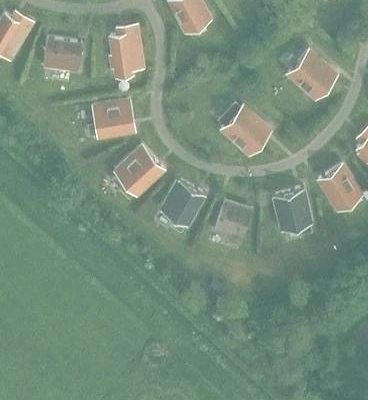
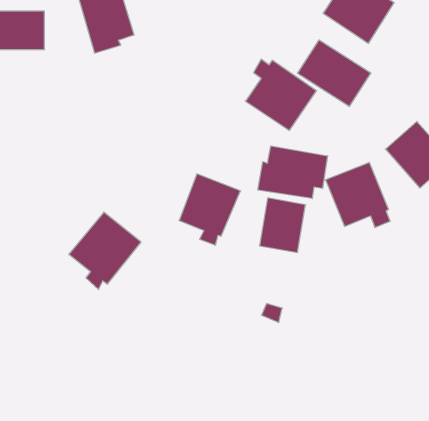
building: none -> [298,40,371,107]
building: [87,97,136,138] -> none
building: [112,143,166,199] -> [69,212,141,290]
building: none -> [258,146,328,199]

